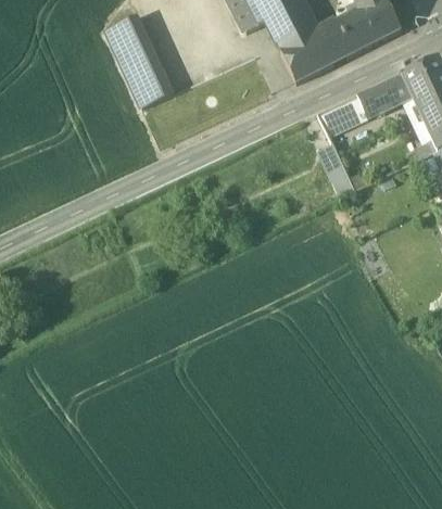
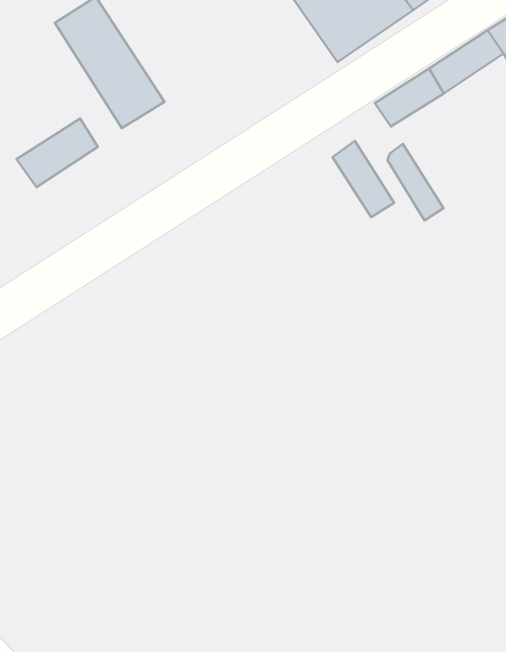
building: none -> [16,118,98,187]
building: none -> [333,141,394,217]

